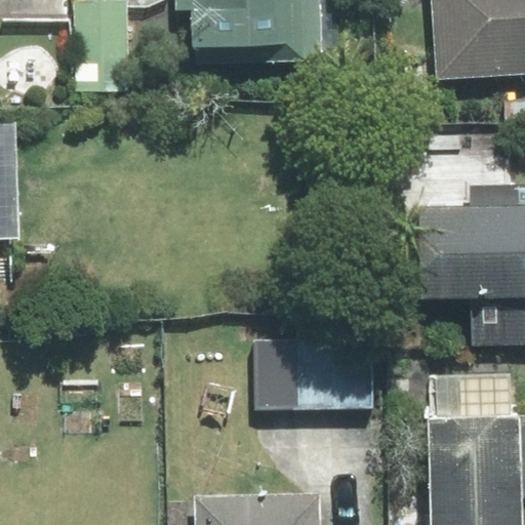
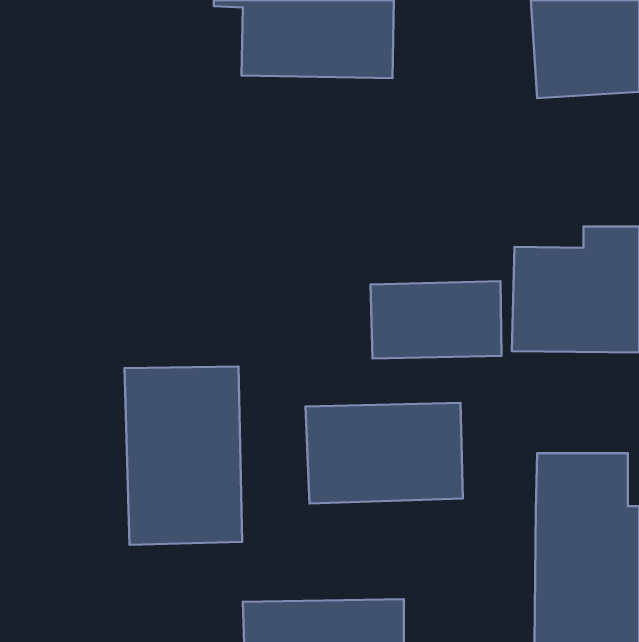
building: none -> [370,281,502,358]
building: none -> [125,366,242,545]

